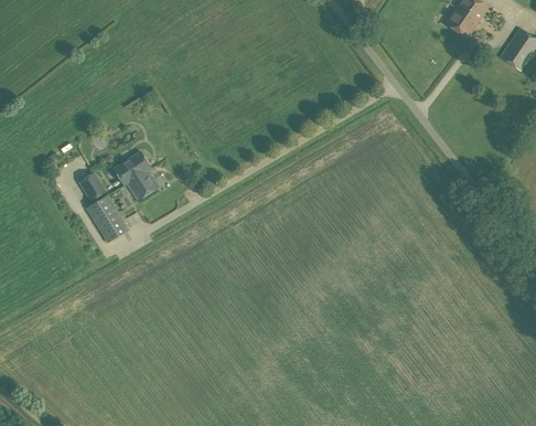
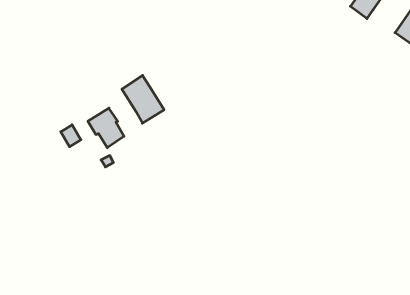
building: none -> [122,75,164,123]
building: [87,195,128,242] -> none

